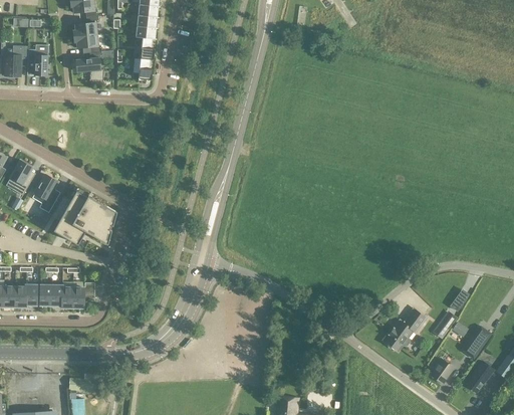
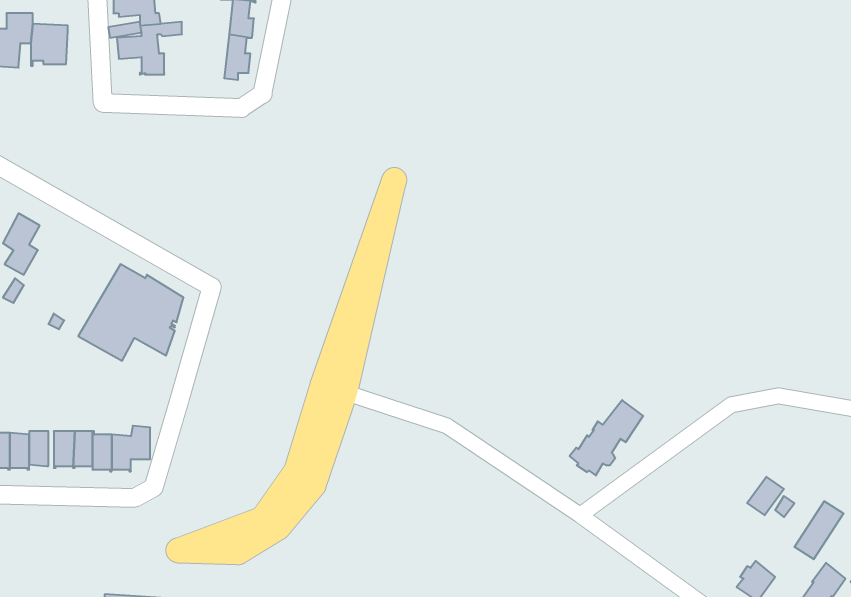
building: [33,174,57,212] -> none
building: [382,307,425,351] -> [570,400,643,476]

